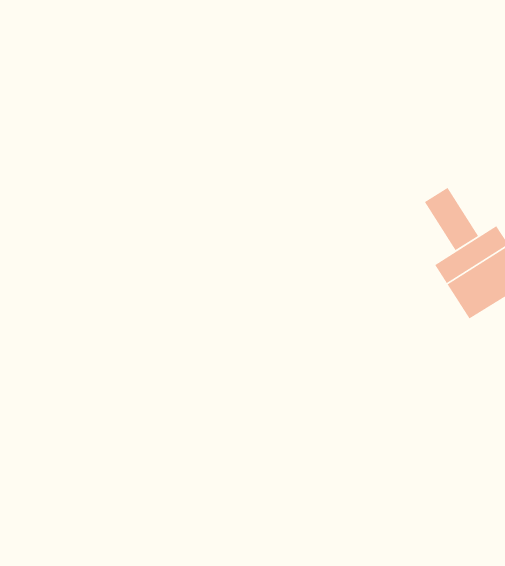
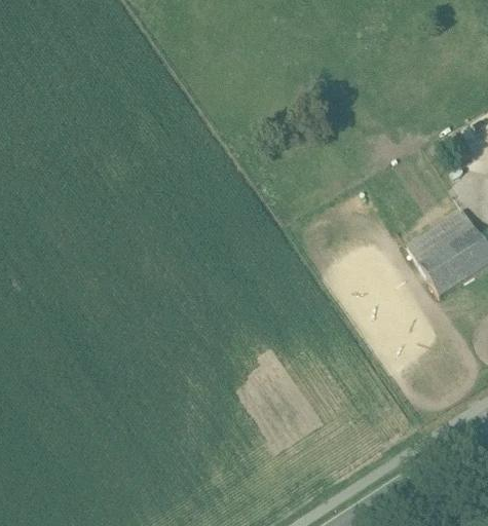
building: [424,187,479,251] -> none

